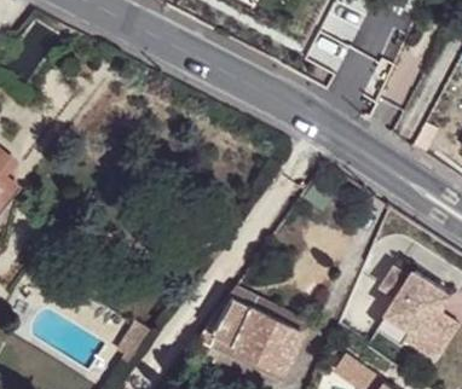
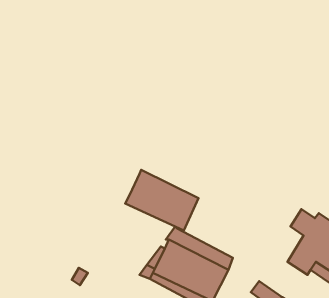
building: none -> [125,170,199,230]

